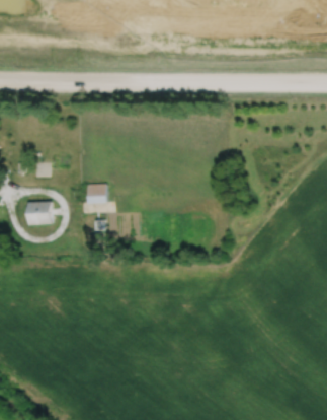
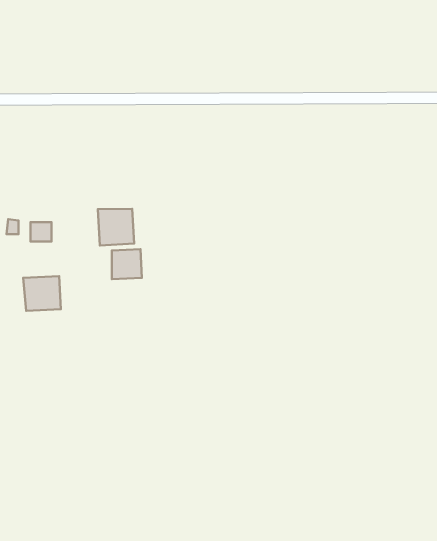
building: none -> [98,209,134,245]

